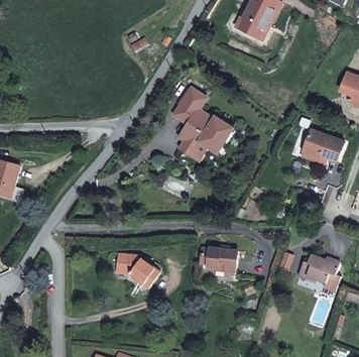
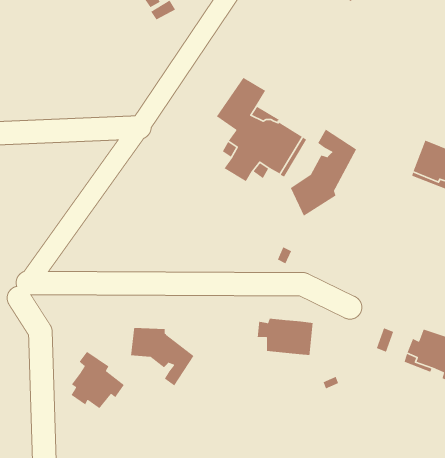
building: none -> [290,128,357,217]
building: none -> [70,351,125,409]

